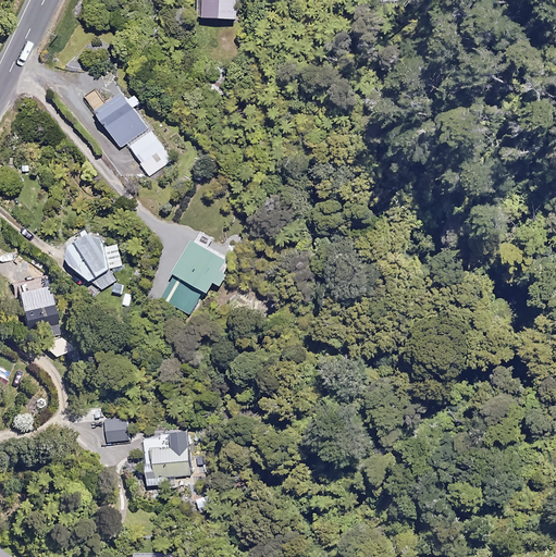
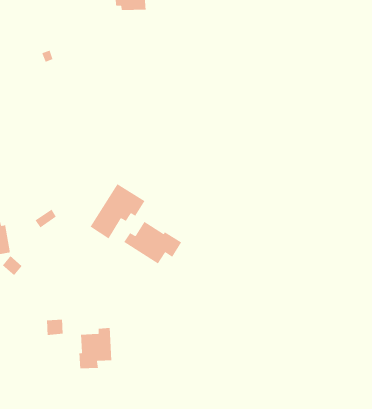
building: [96,87,168,172] -> none
building: [63,231,113,283] -> none
building: none -> [123,221,182,265]

